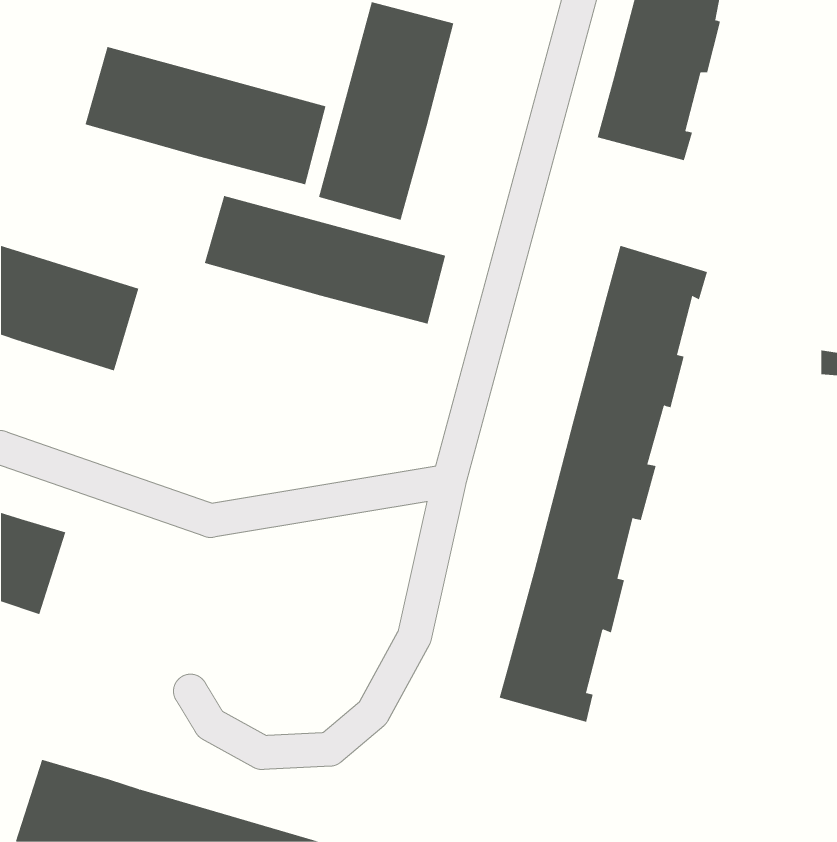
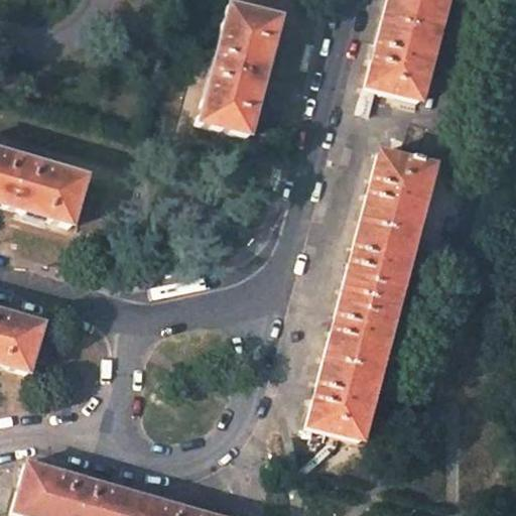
building: [85,46,326,185] -> none
building: [204,195,446,325] -> none

